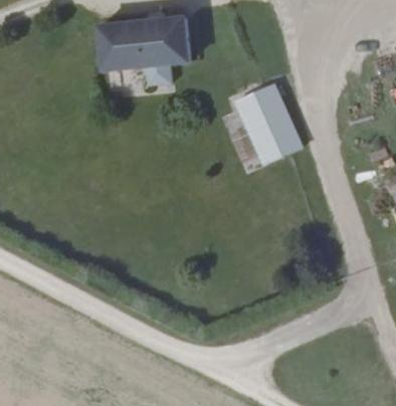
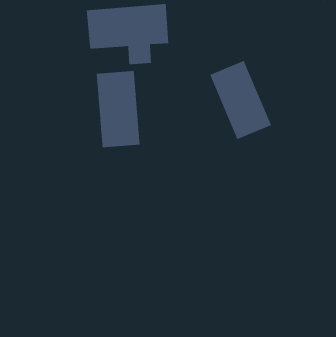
building: none -> [96,70,141,148]

